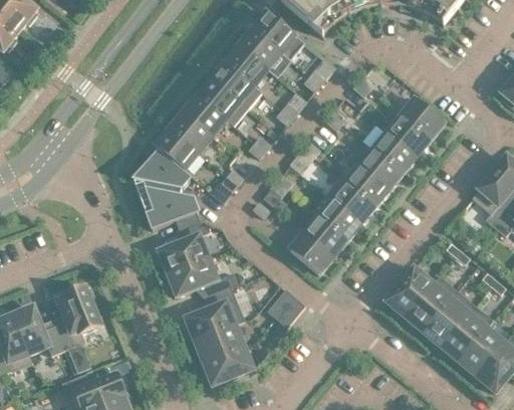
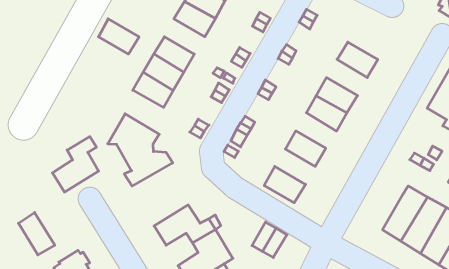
building: [211,61,253,101] -> [98,19,139,54]
building: [401,97,443,139] -> none
building: [155,129,198,170] -> none
building: [372,132,415,173] -> none
building: [331,182,373,222] -> none
building: [303,216,345,256] -> none
building: [159,220,209,273] -> [52,137,99,192]
building: none -> [18,212,55,255]
building: [386,268,432,317] -> none

